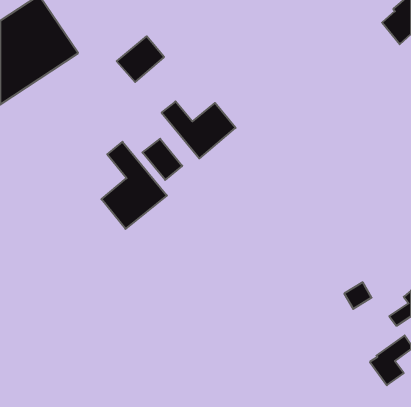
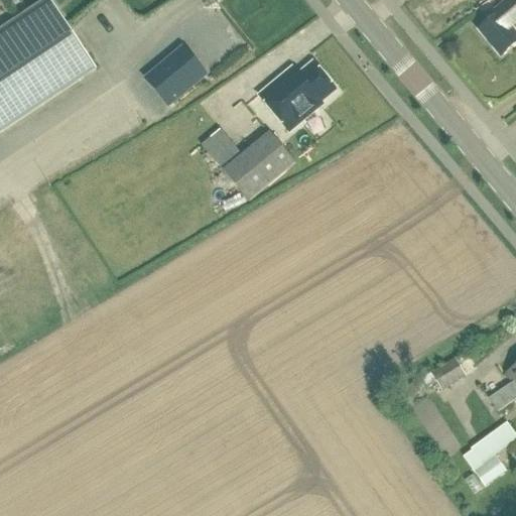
building: none -> [259,59,335,129]
building: [142,139,182,180] -> none
building: [101,142,167,229] -> none

